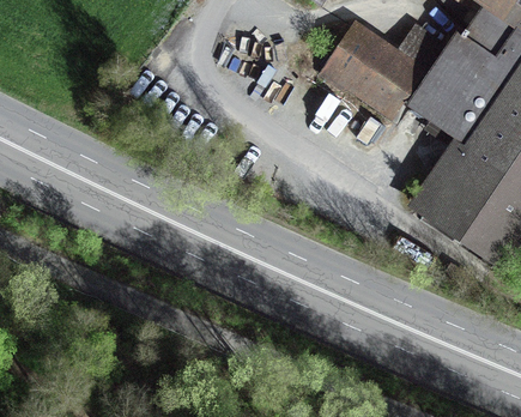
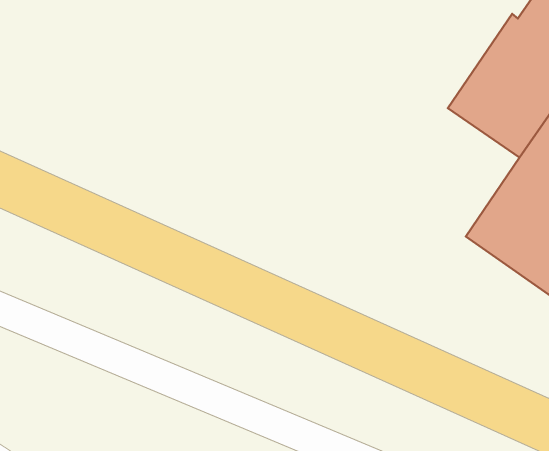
building: [322,25,432,109] -> none

